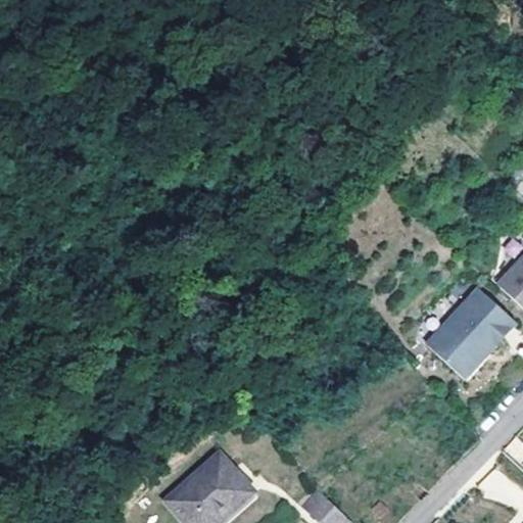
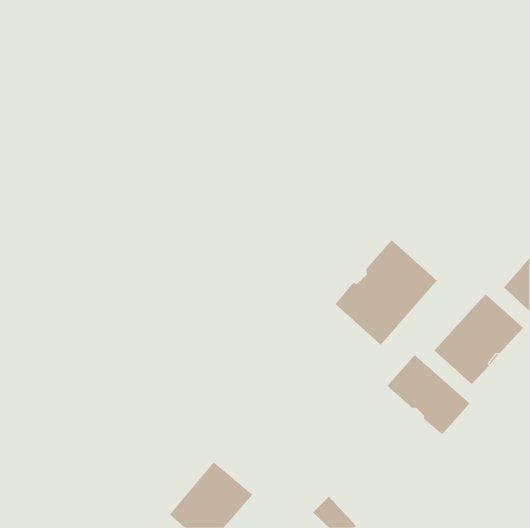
building: none -> [335,239,437,345]
building: none -> [386,354,470,435]

